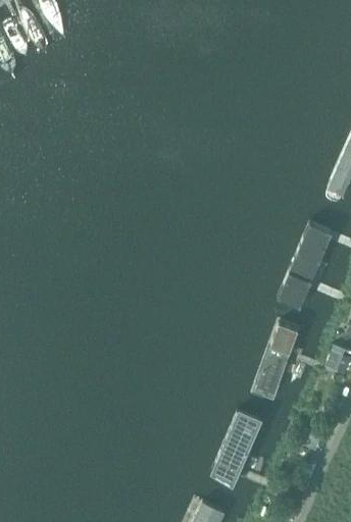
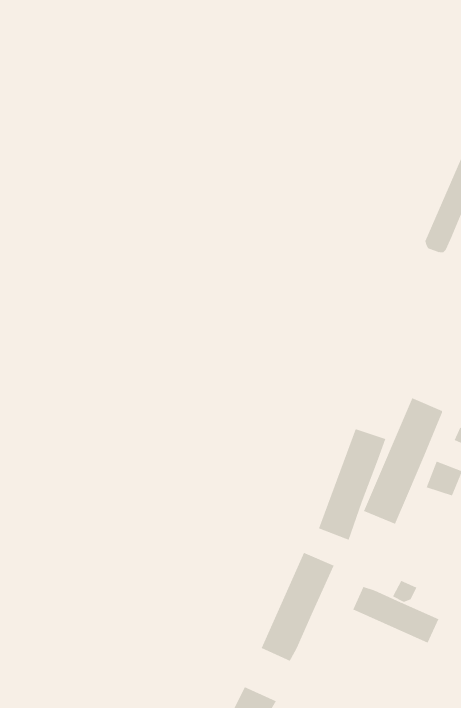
building: [275,223,331,311] -> [363,398,443,524]
building: none -> [353,586,439,643]

